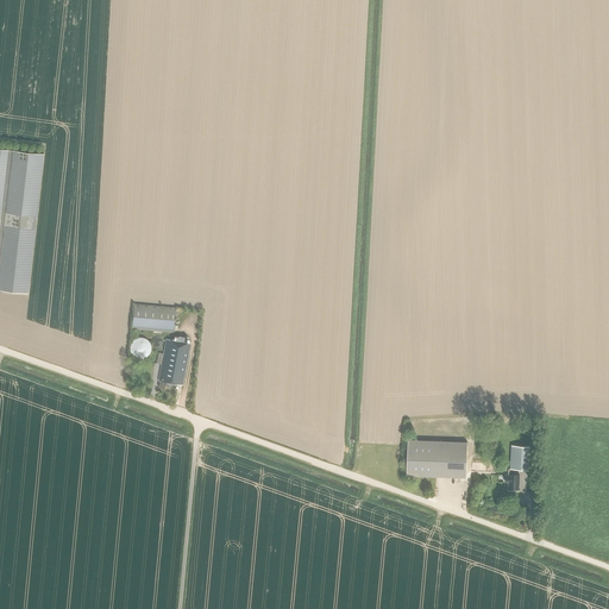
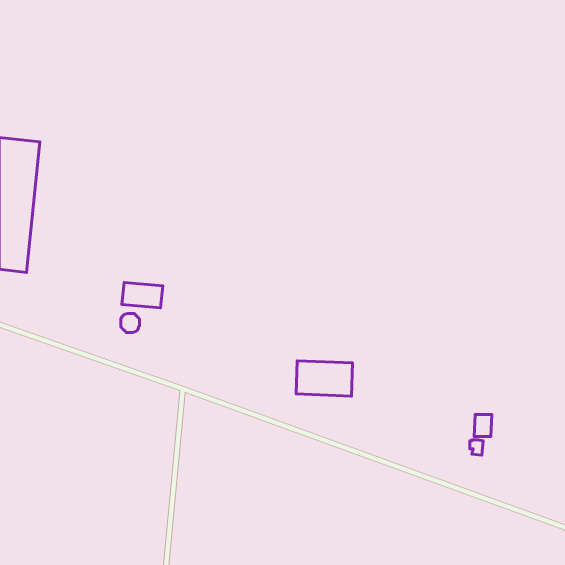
building: [157,338,189,388] -> none
building: [406,439,466,477] -> [296,361,353,396]

